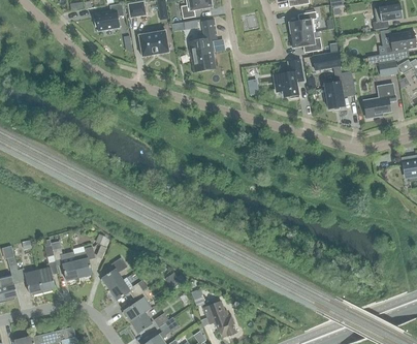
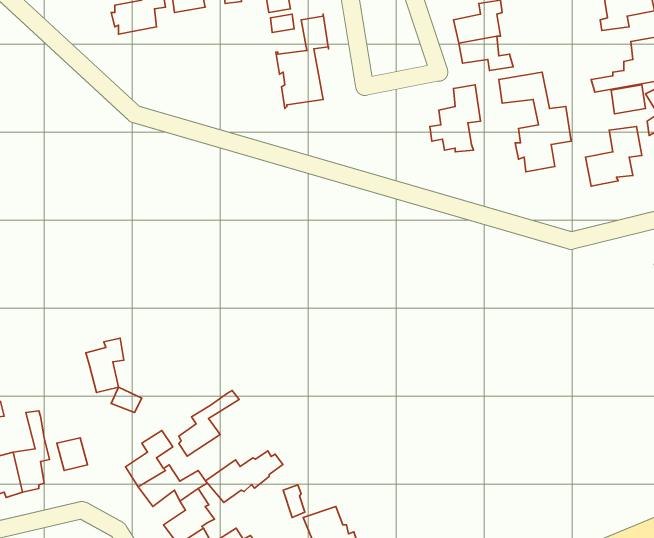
building: [138,30,168,56] -> none
building: none -> [179,390,239,456]
building: [73,245,95,276] -> [86,338,124,393]
building: none -> [206,451,283,503]

